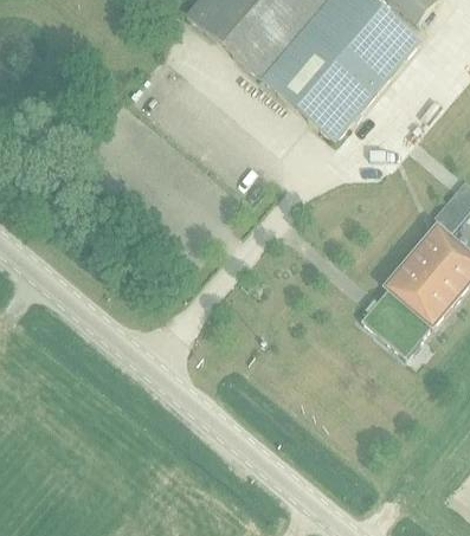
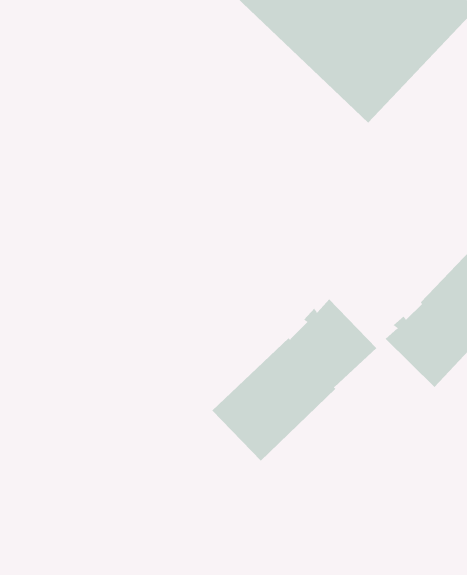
building: none -> [212,299,377,462]

